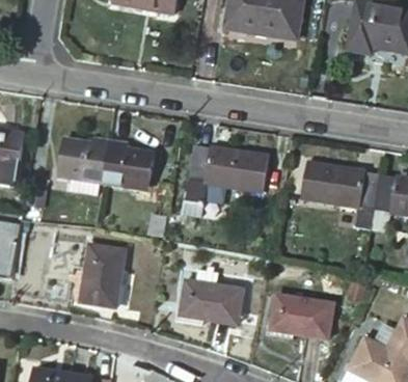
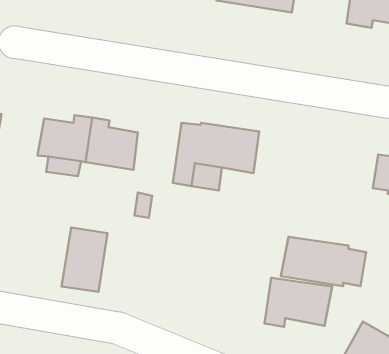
building: [298,160,379,207] -> [281,237,366,286]
building: [181,277,243,322] -> none

